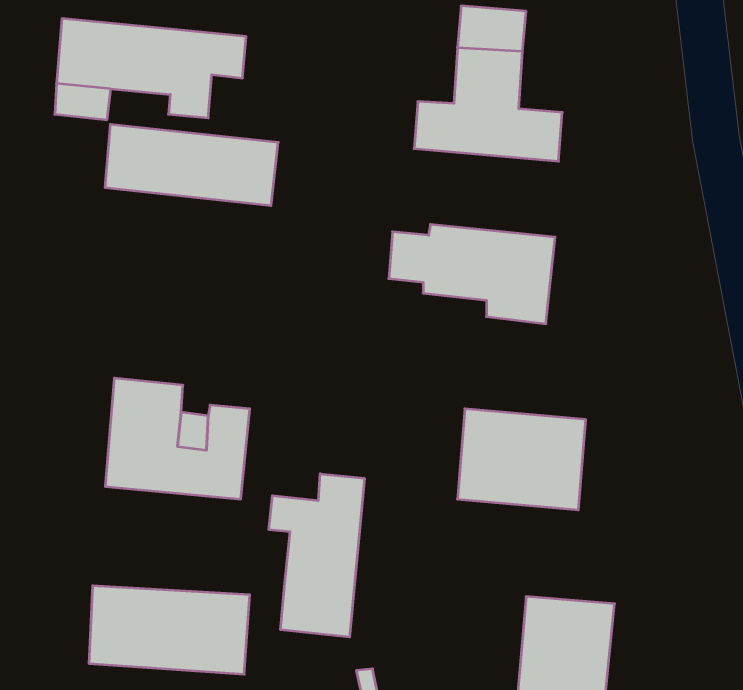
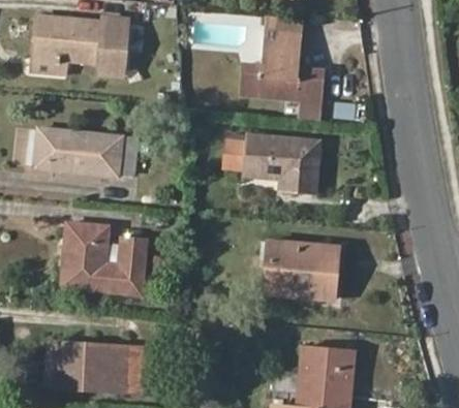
building: [105,124,278,206] -> [37,129,136,176]
building: [269,474,364,637] -> none

